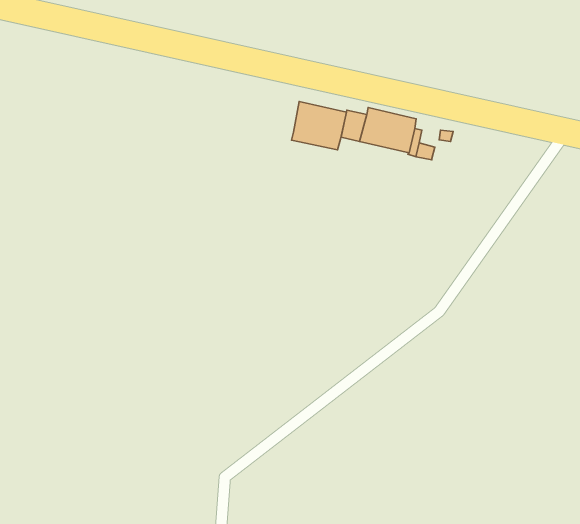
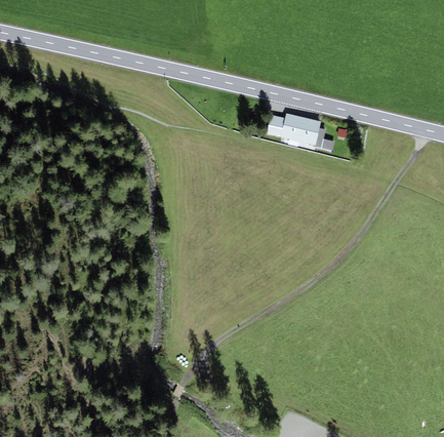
building: [292,102,346,150] -> none

